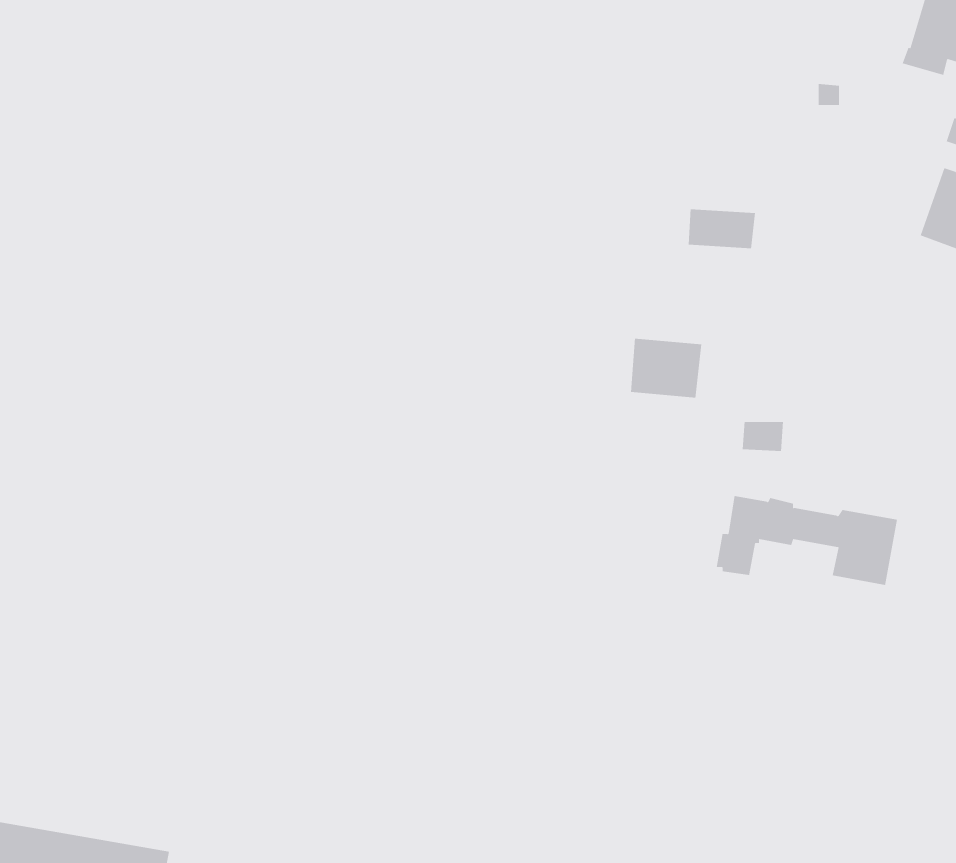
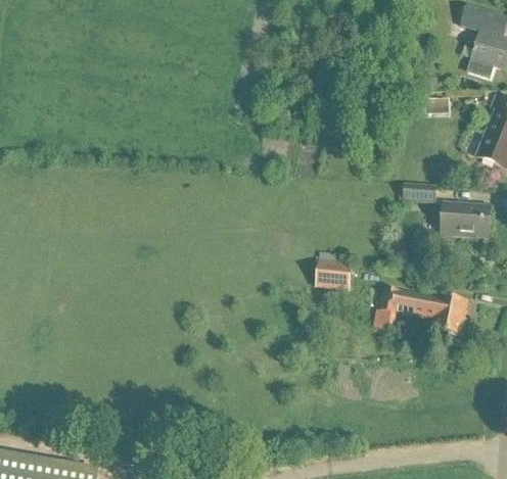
building: [688,209,756,249] -> [403,182,437,202]
building: none -> [442,200,491,235]
building: [630,338,702,398] -> [317,259,354,290]

